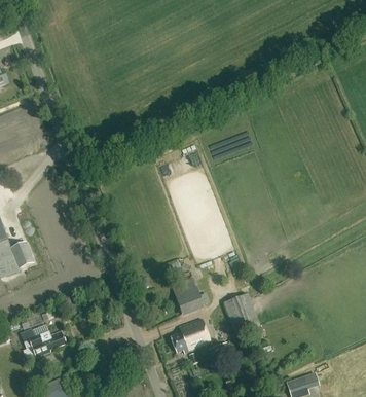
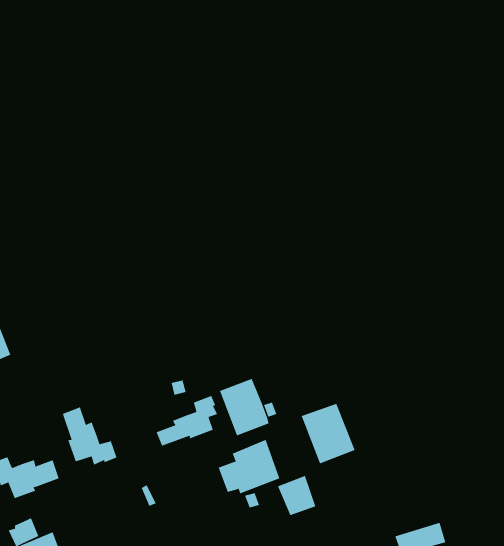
building: none -> [156,395,218,447]
building: none -> [62,406,117,465]

